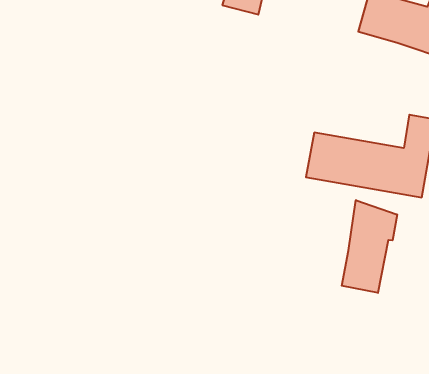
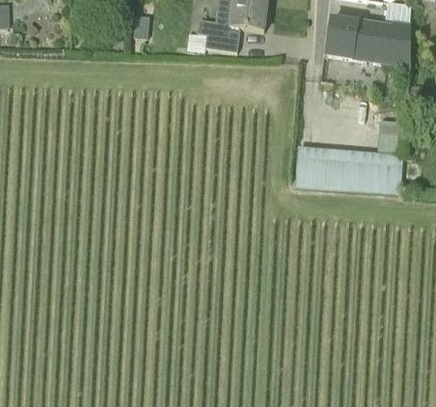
building: [342,200,397,293] -> none

